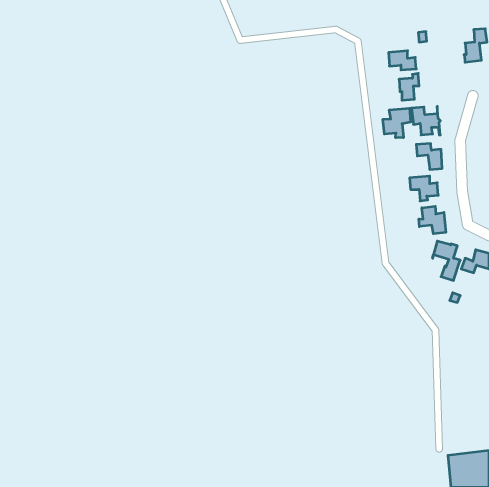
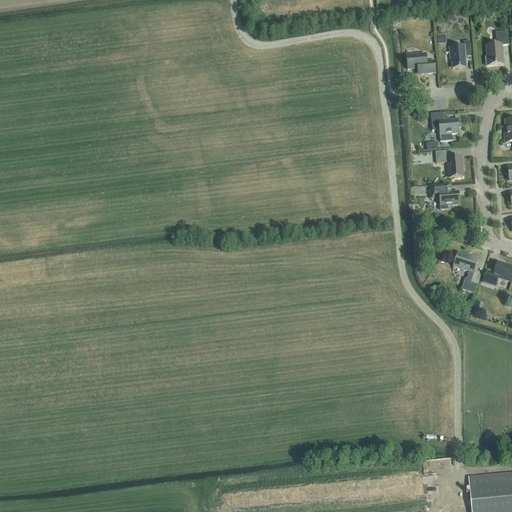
building: [399,73,419,100] -> [449,40,470,68]
building: [383,108,411,138] -> none
building: [419,206,446,234] -> none

